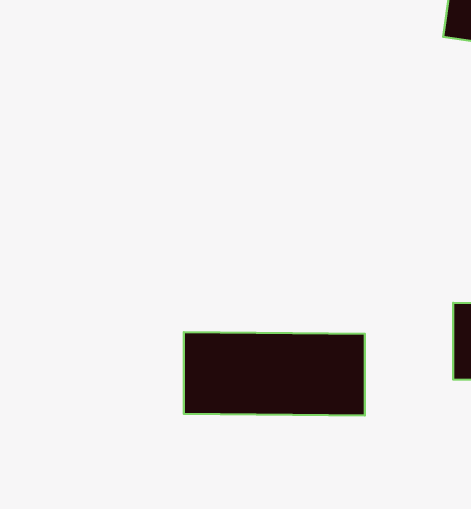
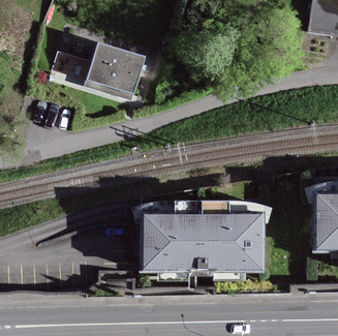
building: none -> [63,30,87,70]
building: none -> [86,42,142,97]

